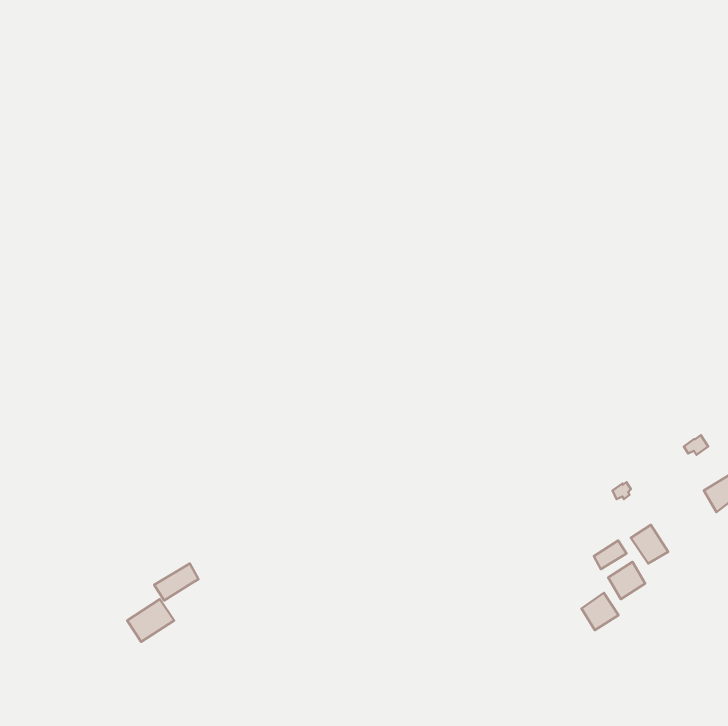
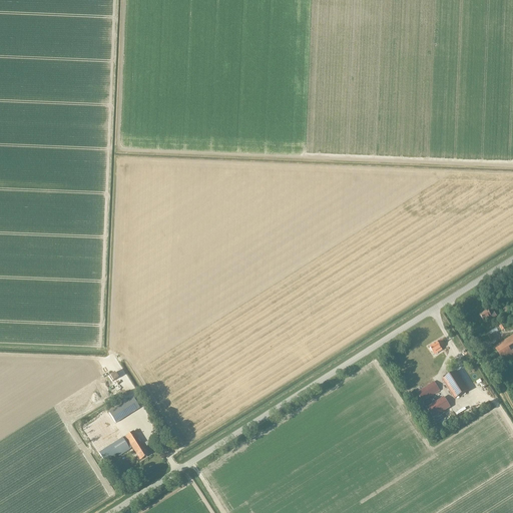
building: [581,593,618,630] -> none
building: none -> [100,429,149,460]

